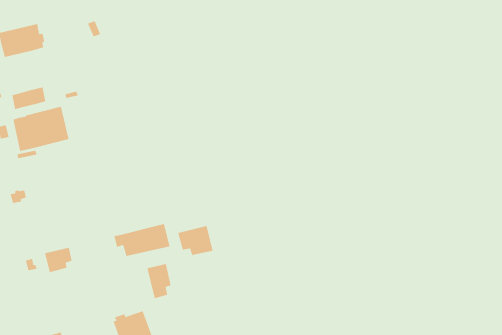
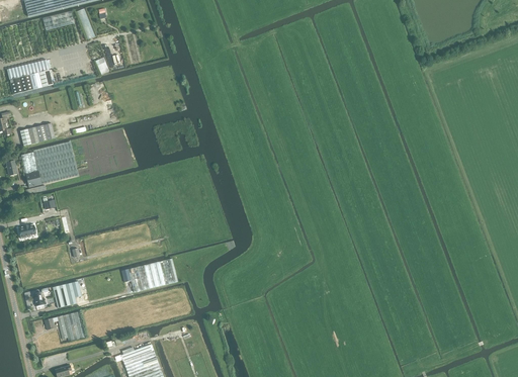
building: [177,225,214,256] -> none
building: [146,263,172,299] -> none
building: none -> [44,310,84,340]

